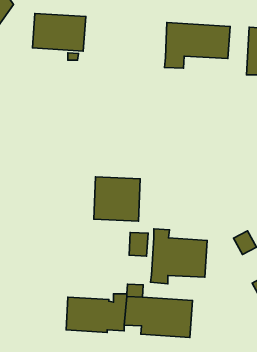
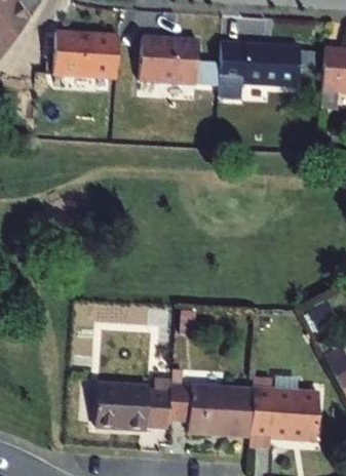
building: none -> [139,36,220,85]
building: [94,177,140,221] -> none
building: [151,229,207,284] -> [248,378,319,446]

